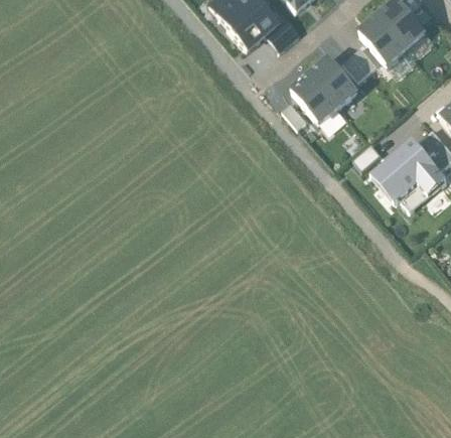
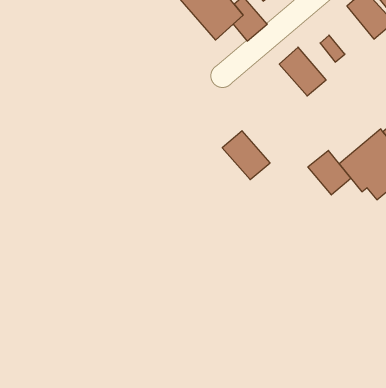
building: [360,15,407,63] -> none
building: [291,74,339,123] -> [222,131,270,180]
building: none -> [308,150,351,195]

